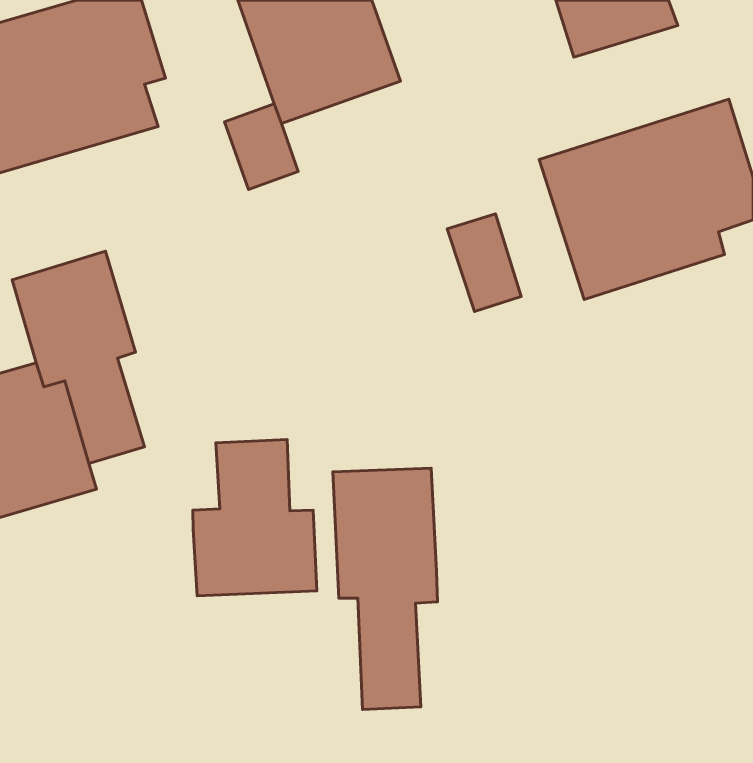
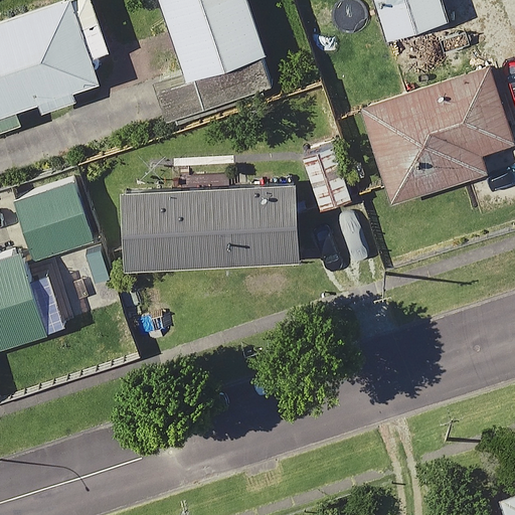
building: none -> [122,184,302,272]
building: [193,439,317,596] -> none
building: [333,468,438,710] -> none

